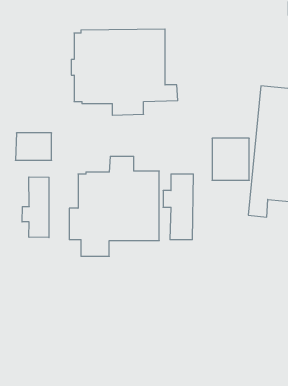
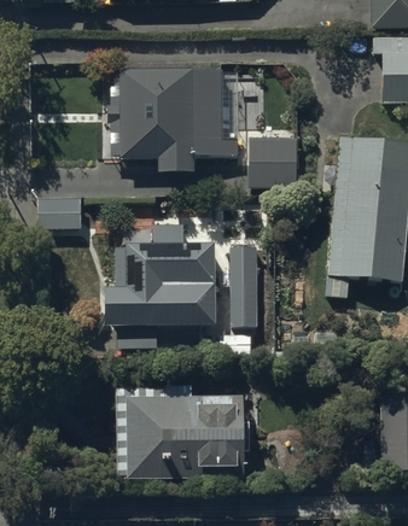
building: [212,138,249,180] -> [249,136,295,188]
building: [22,177,49,238] -> none
building: none -> [116,385,250,480]

